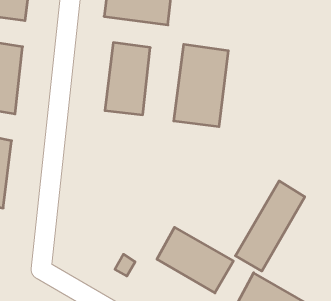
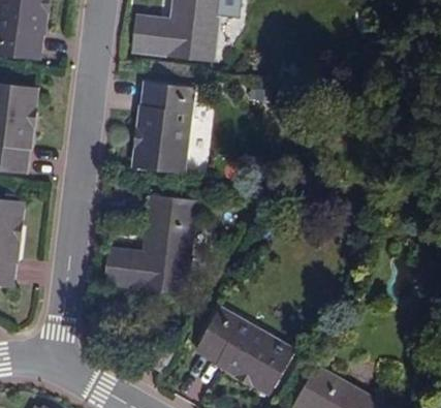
building: [174,44,228,127] -> none
building: none -> [104,196,196,293]
building: [235,181,305,271] -> none

